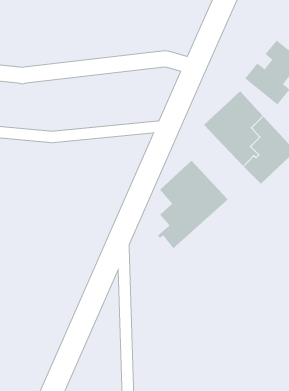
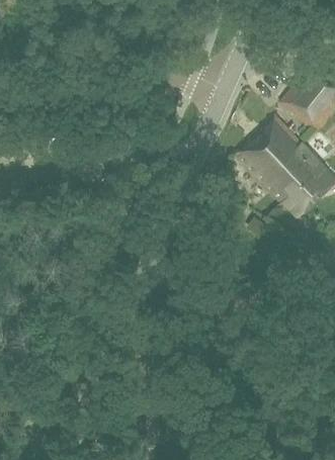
building: [157,160,228,249] -> none

